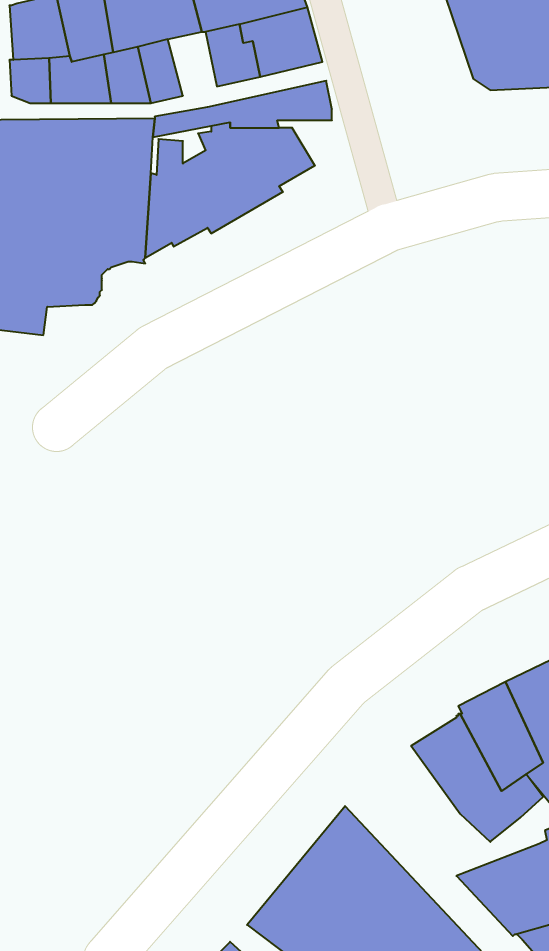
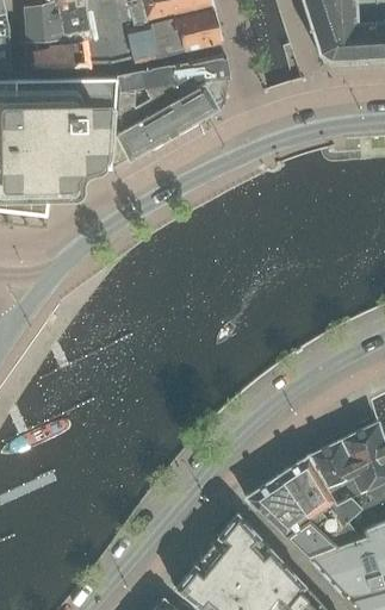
building: none -> [125,23,156,63]
building: none -> [246,474,360,556]

